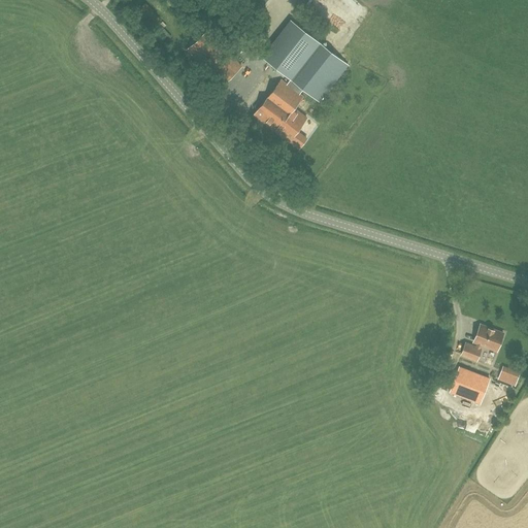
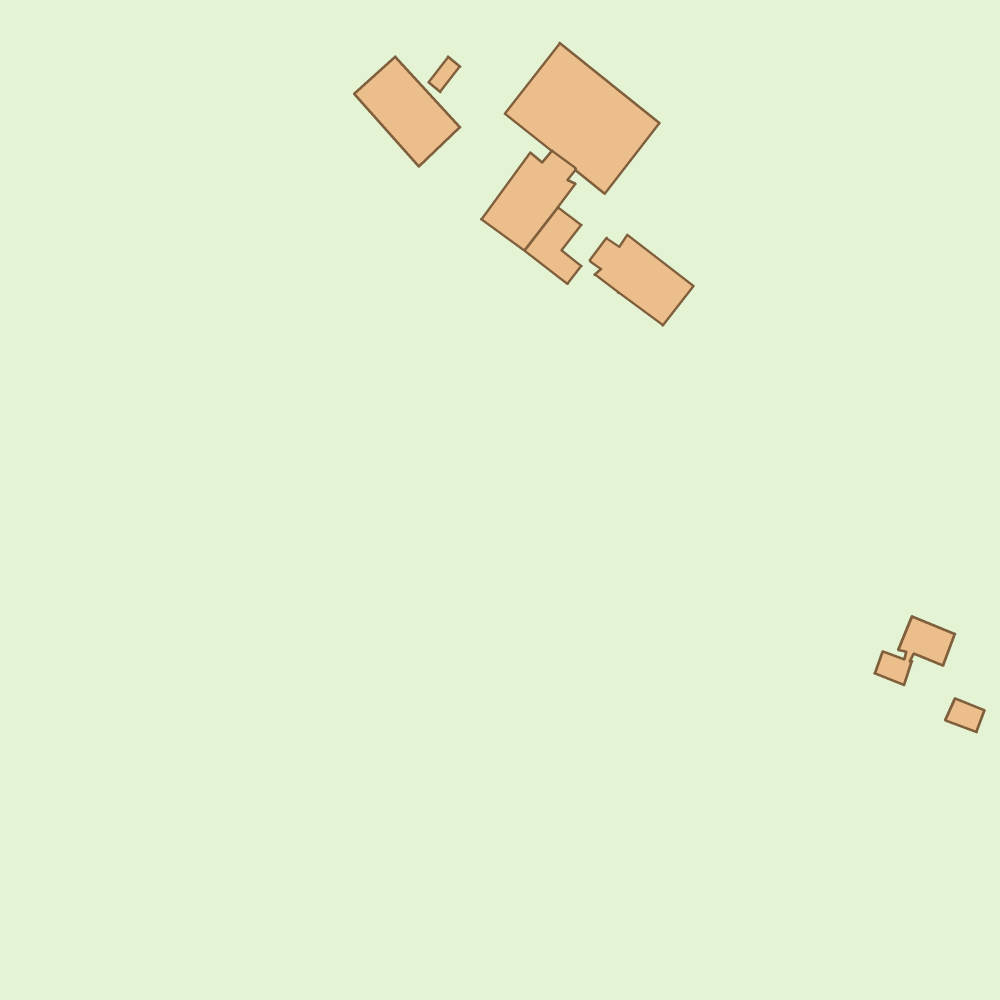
building: none -> [590,235,693,325]
building: [450,367,489,403] -> none

